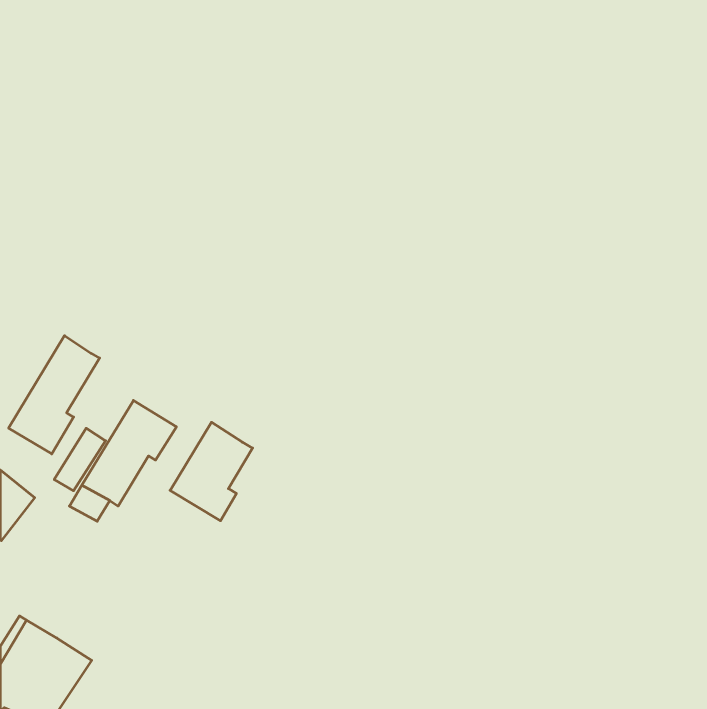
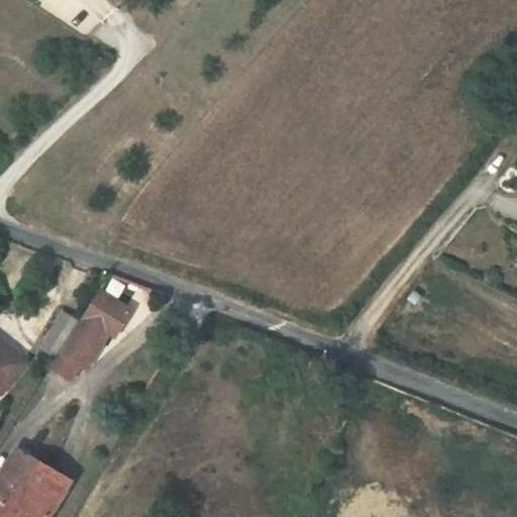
building: [9,336,100,454] -> none
building: [170,422,253,521] -> none

